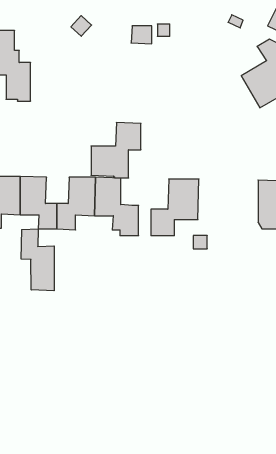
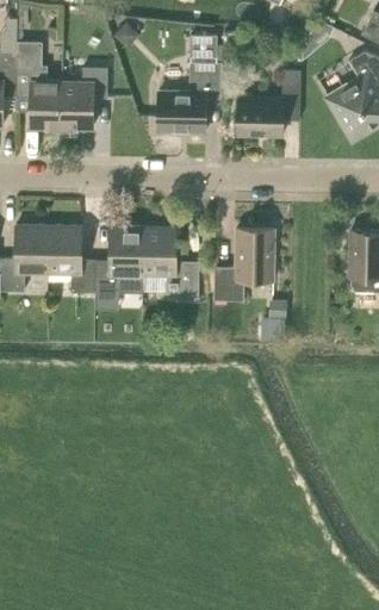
building: none -> [61,67,107,131]
building: none -> [236,70,300,133]
building: [91,123,141,178] -> [157,62,220,132]
building: [21,229,54,291] -> none

